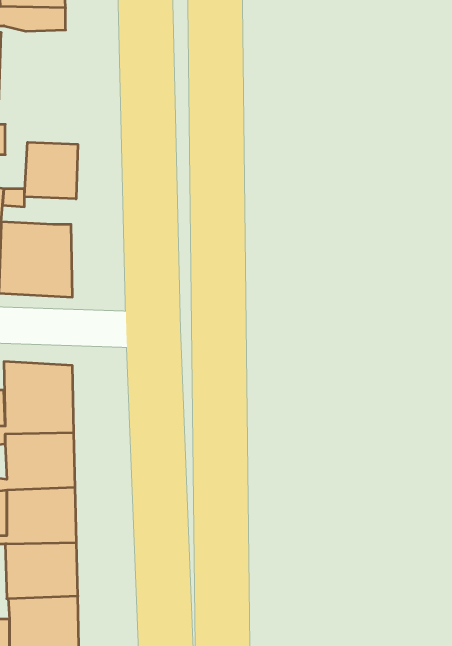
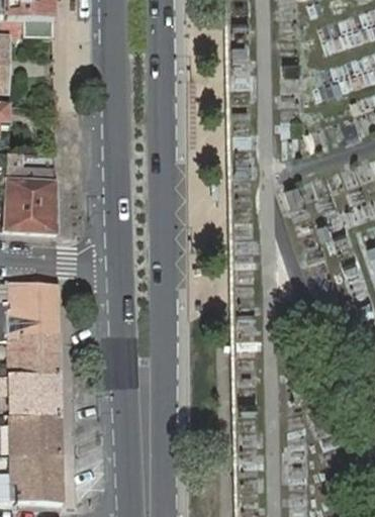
building: [24,142,78,199] -> none

